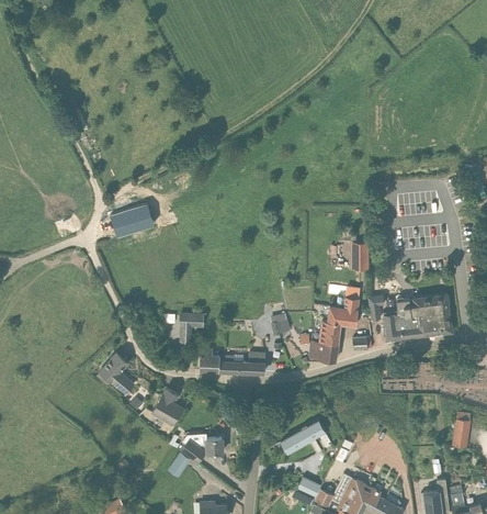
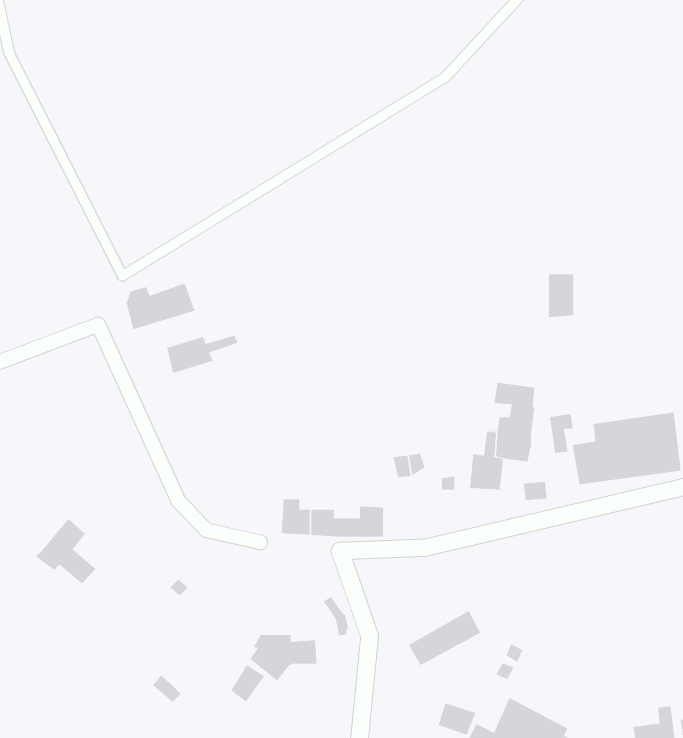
building: [351,242,367,269] -> [548,274,574,317]
building: none -> [166,335,238,374]
building: [180,313,203,342] -> none
building: [310,340,338,361] -> none
building: [95,353,134,394] -> [35,518,96,584]
building: [151,389,182,425] -> none

